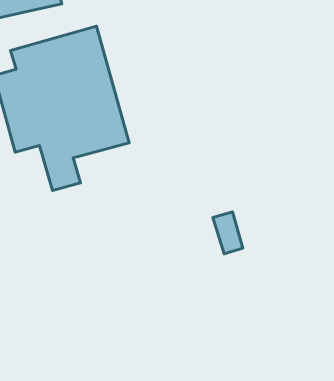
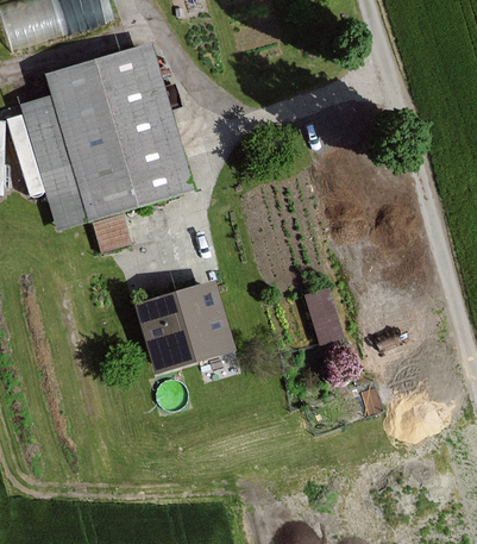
building: none -> [132,280,233,375]

